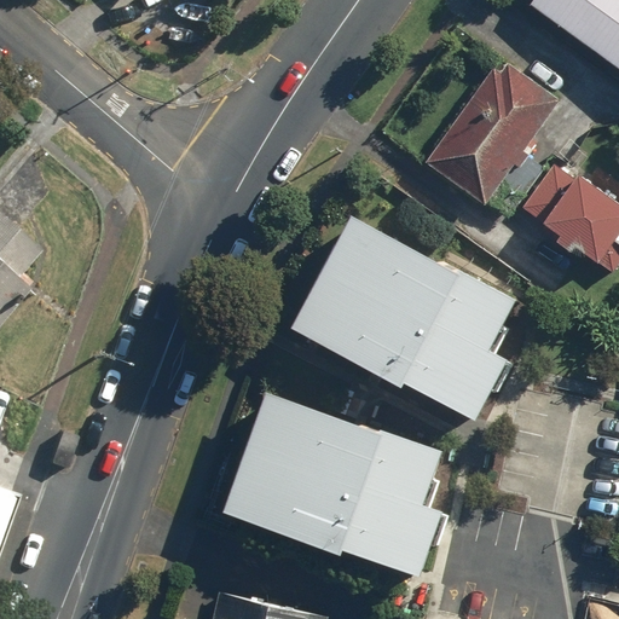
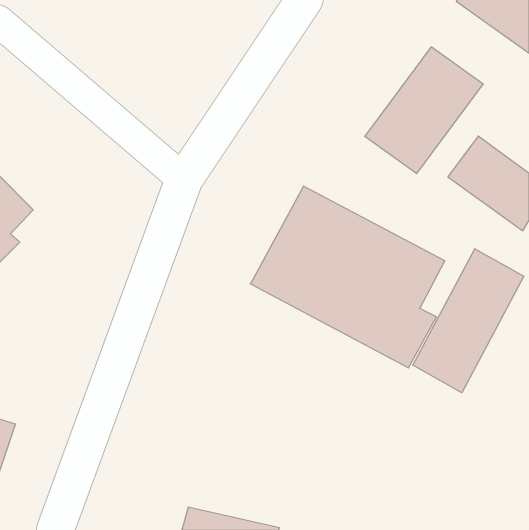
building: none -> [413,249,524,393]
building: [216,389,447,592] -> none

